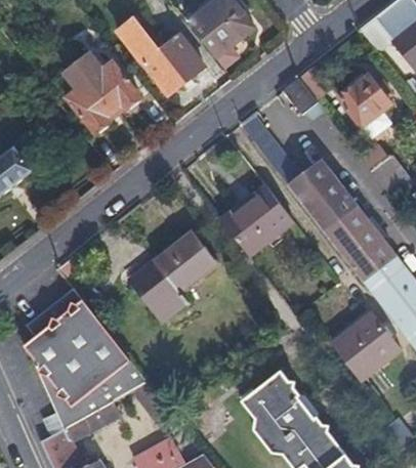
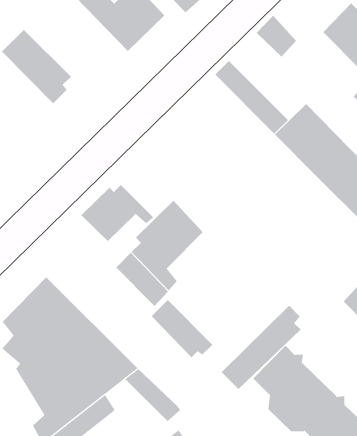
building: [76,53,139,112] -> none
building: [222,185,294,257] -> none
building: none -> [80,184,154,242]
building: none -> [151,299,213,358]
building: none -> [221,305,302,390]

